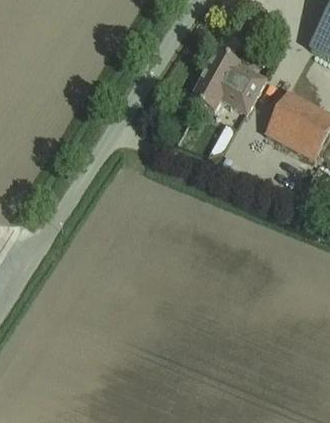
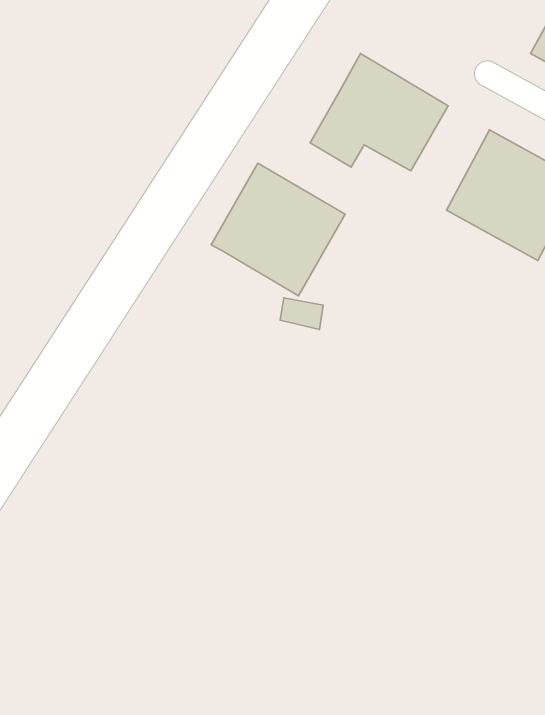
building: none -> [211,163,345,296]

